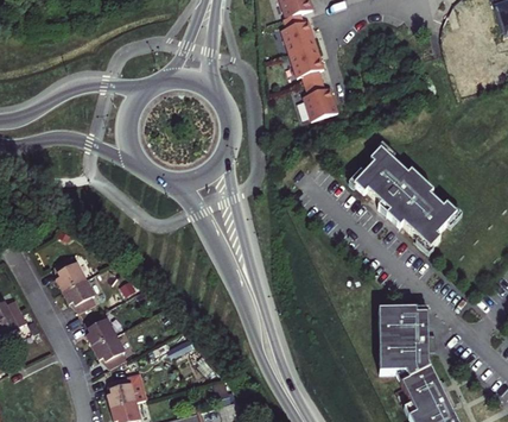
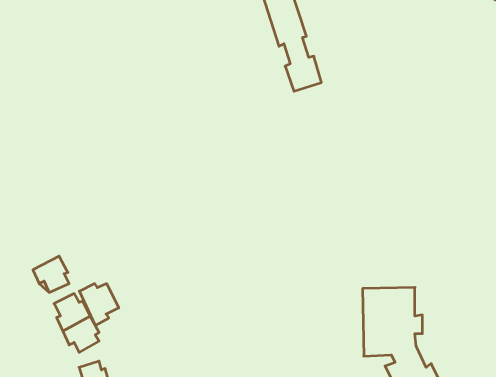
building: [354,149,457,250] -> none
building: [57,257,89,290] -> none
building: none -> [79,284,119,326]

